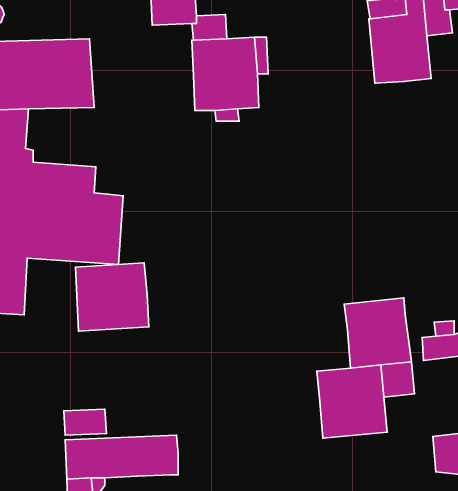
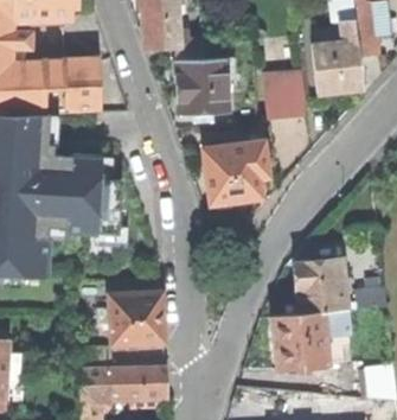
building: none -> [264,72,306,119]
building: none -> [200,141,267,210]
building: [76,263,149,331] -> [107,292,164,345]

